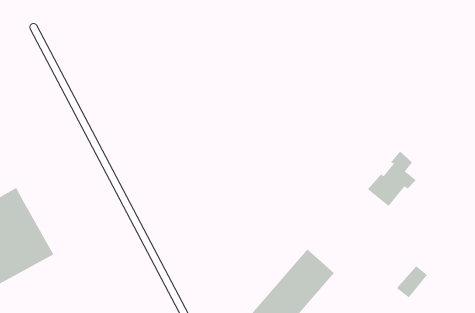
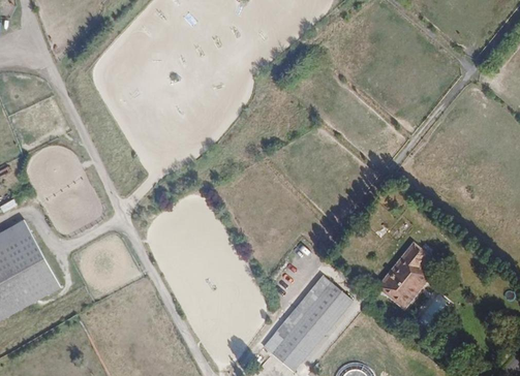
building: [367,151,417,207] -> [380,248,432,307]

